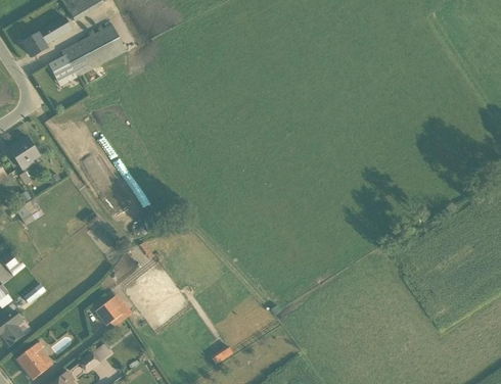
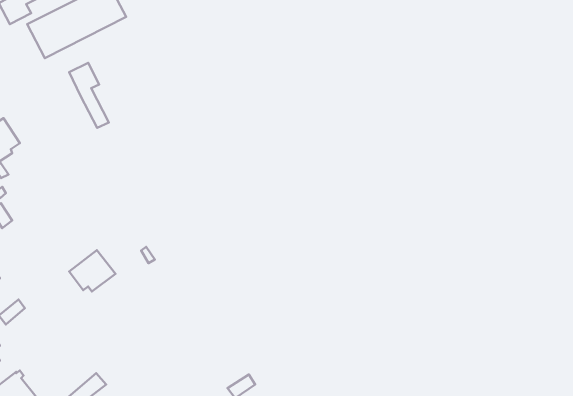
building: none -> [69,63,109,128]
building: [94,293,132,327] -> [69,250,116,291]

